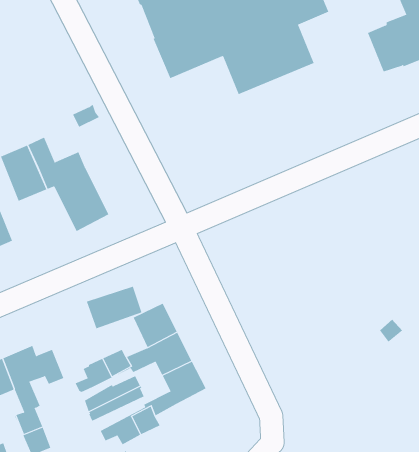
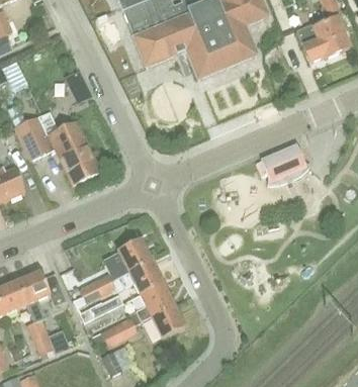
building: none -> [260,144,308,184]
building: [86,286,142,329] -> none
building: none -> [150,304,184,338]

